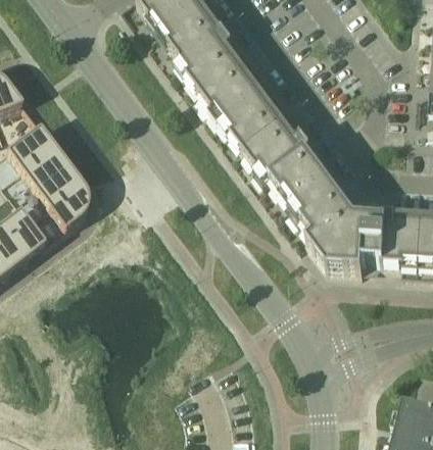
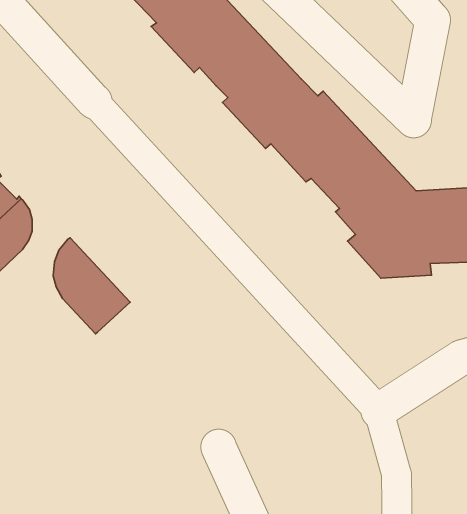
building: none -> [53,238,130,334]

